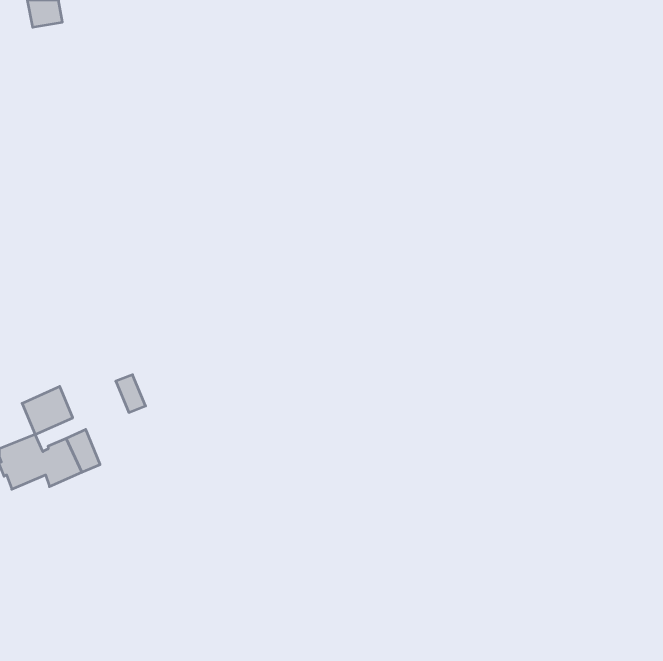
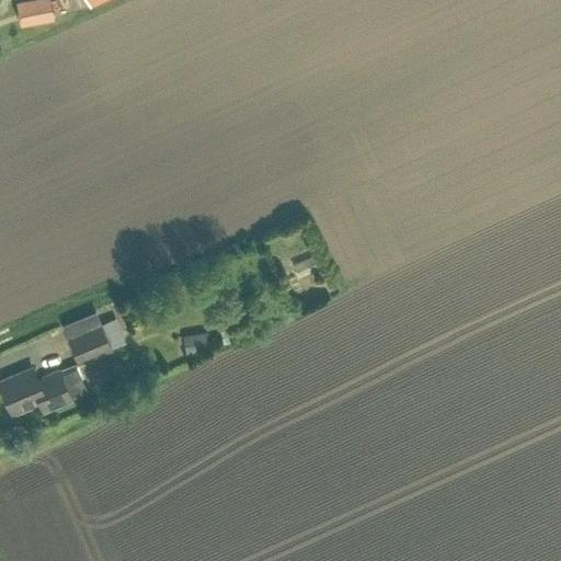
building: [22,386,73,435] -> [66,324,108,365]

